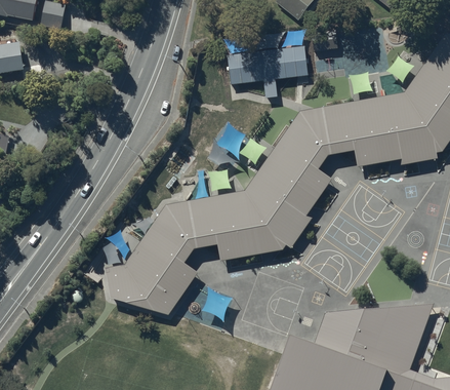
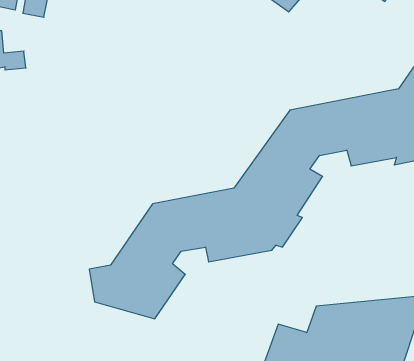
building: [224,47,305,85] -> none

